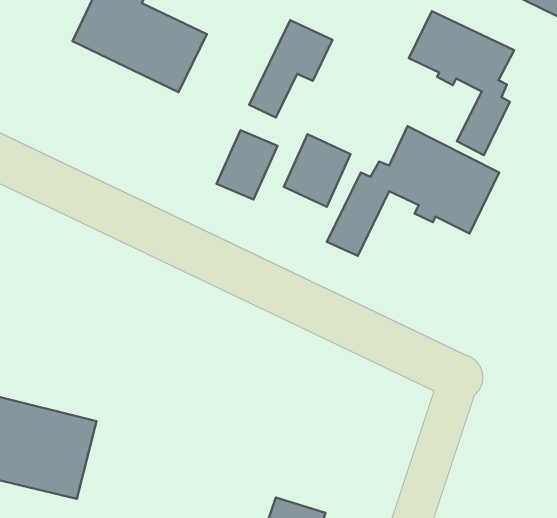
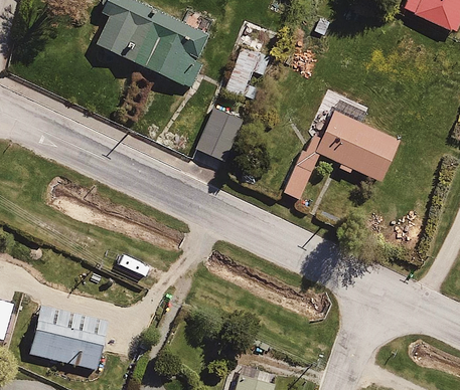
building: [409,11,514,155] -> none
building: [284,134,350,207] -> none

